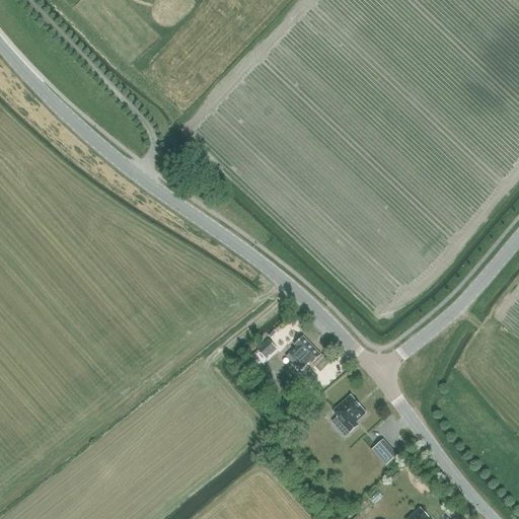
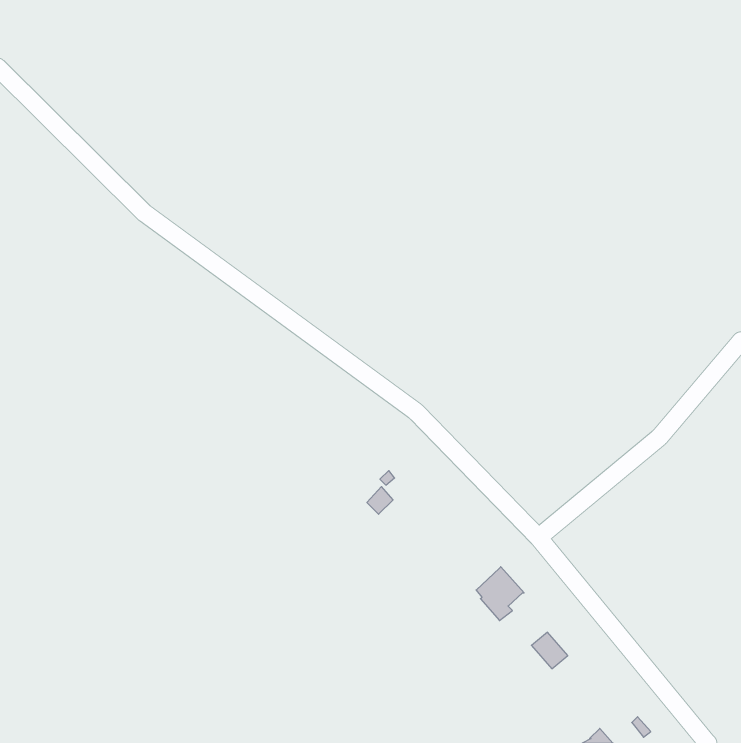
building: [288,338,319,371] -> none

